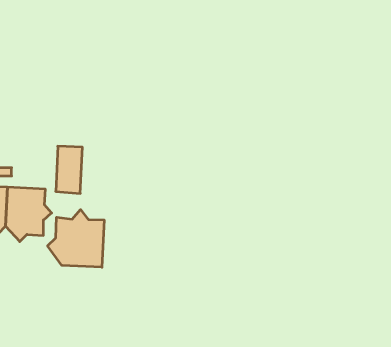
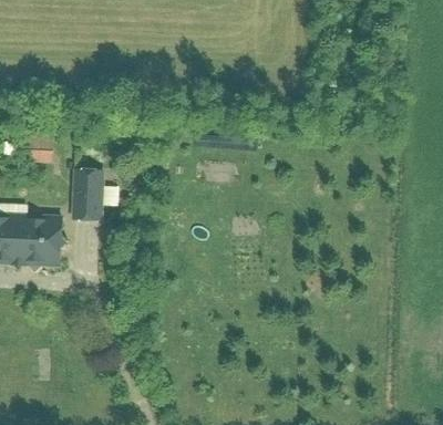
building: [48,210,104,267] -> none

